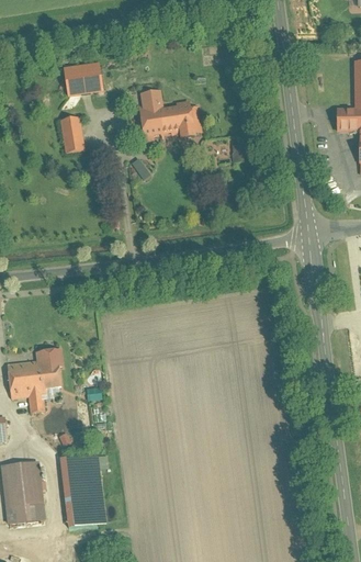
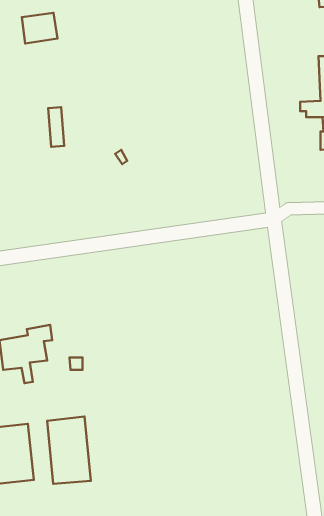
building: [64,60,102,93] -> [22,13,58,44]
building: [136,92,202,143] -> none

